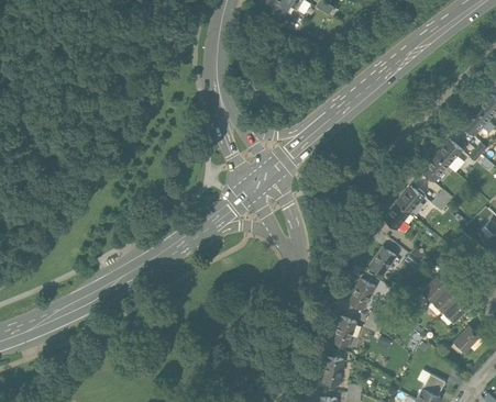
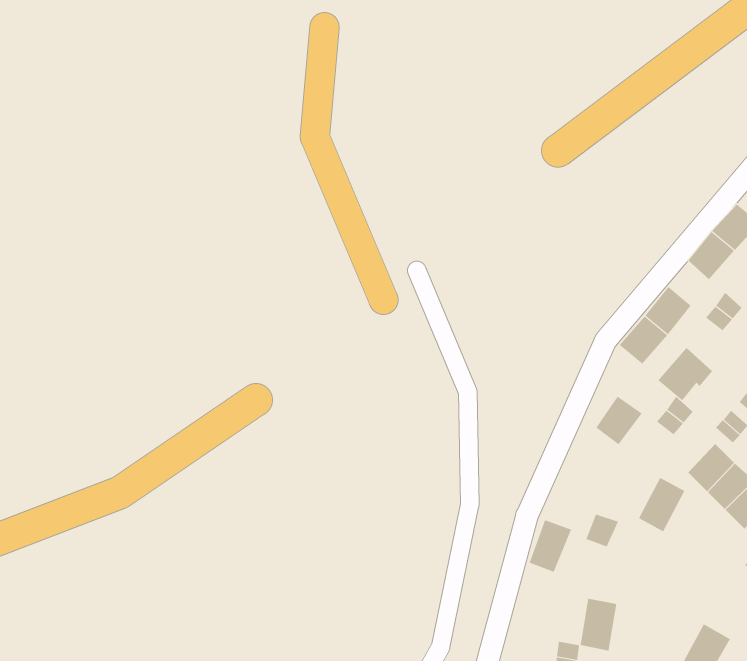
building: none -> [657,347,713,401]
building: [349,278,375,309] -> [638,477,685,532]
building: [322,356,343,386] -> [580,598,617,651]

